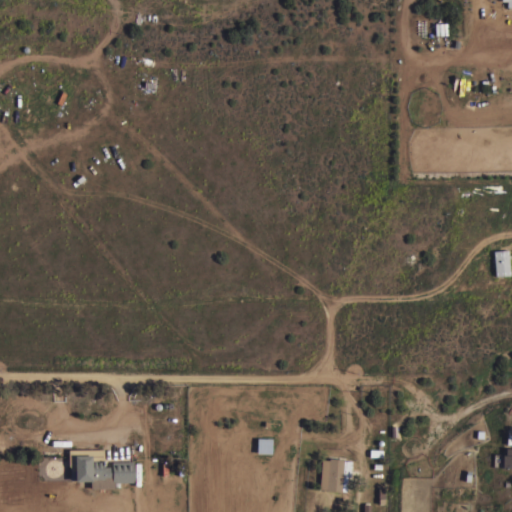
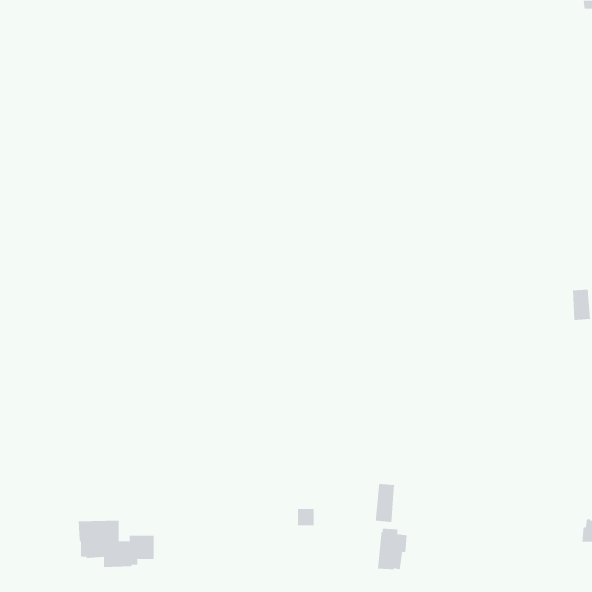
building: none -> [375,483,395,523]

